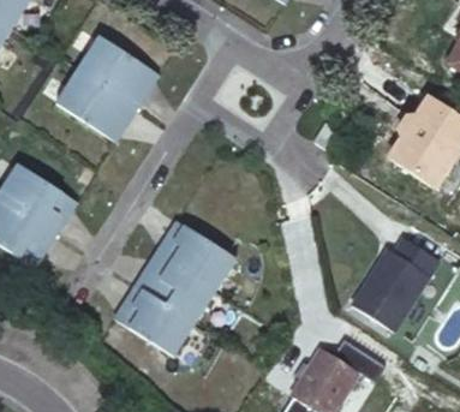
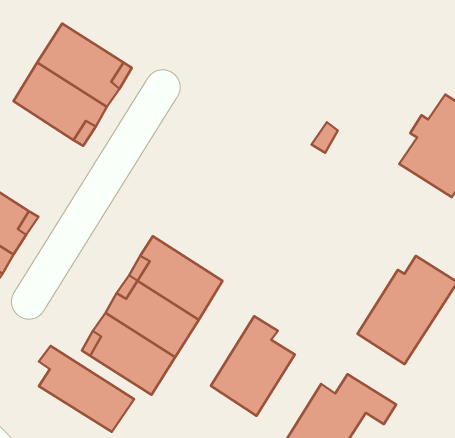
building: none -> [211,316,295,416]
building: none -> [39,346,134,432]

